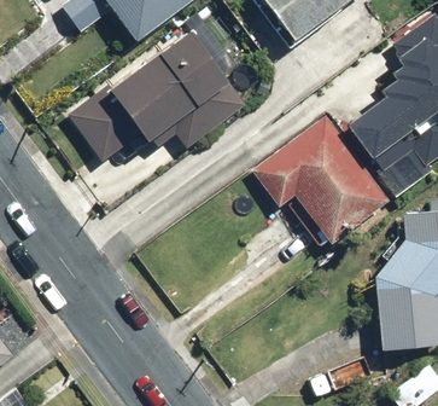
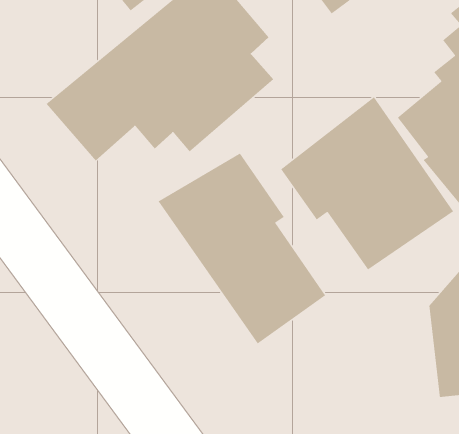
building: none -> [158,152,326,345]

